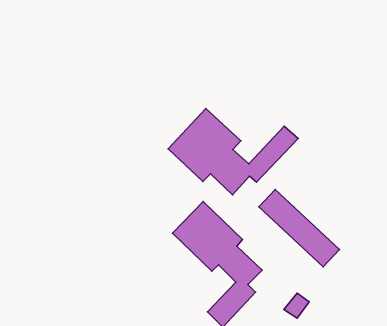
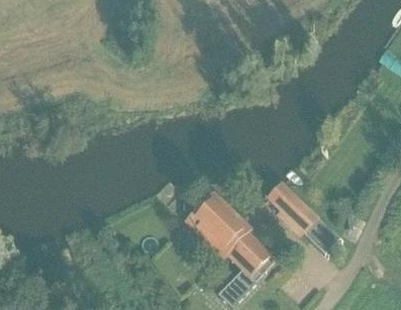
building: [168,108,298,195] -> none

